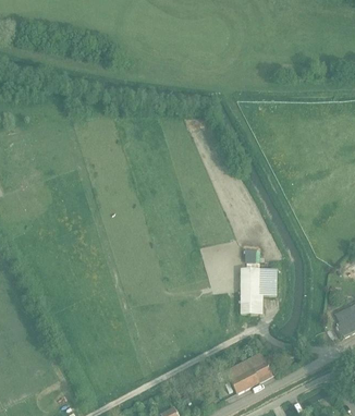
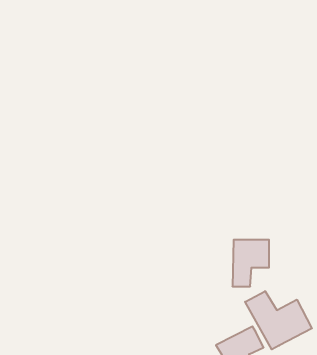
building: none -> [245,291,312,349]

